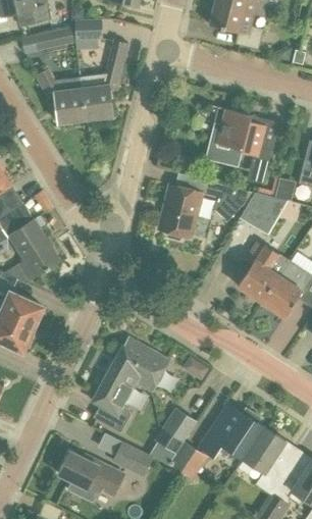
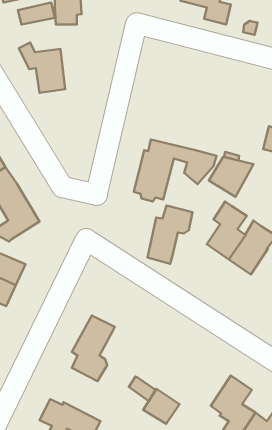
building: [81,39,127,119] -> none
building: [204,109,272,184] -> none
building: none -> [147,206,192,264]
building: [114,336,169,392] -> none
building: [197,403,263,459] -> none
building: [161,407,196,442] -> none
building: [112,442,154,477] -> none

